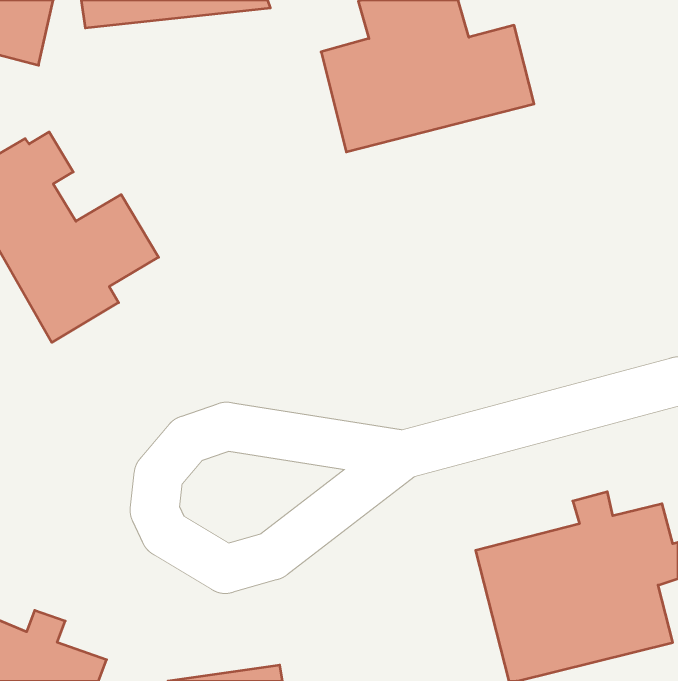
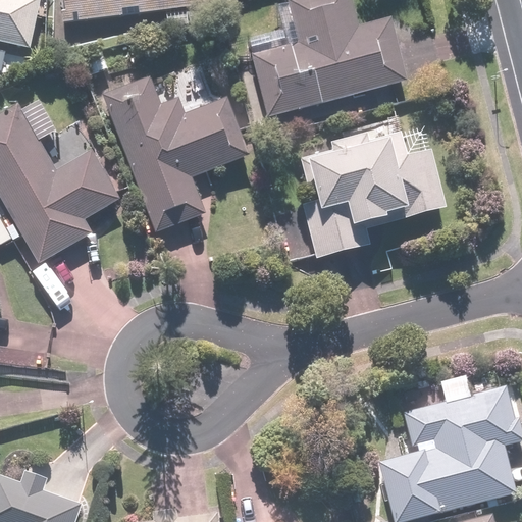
building: none -> [100,71,249,234]
building: none -> [301,118,447,260]

